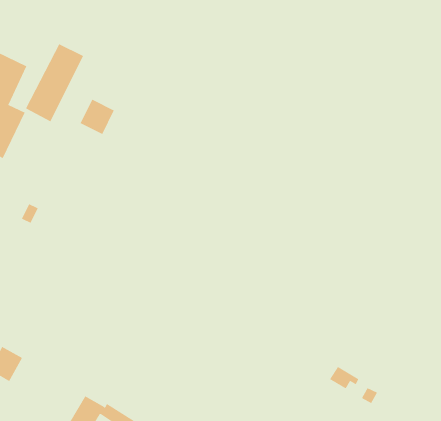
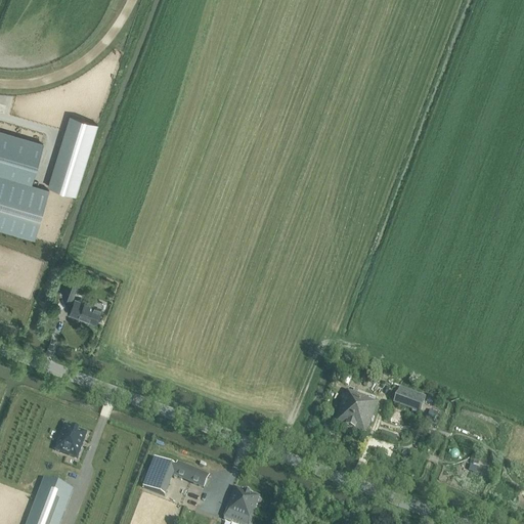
building: [80,99,115,135] -> none
building: none -> [69,299,102,323]
building: none -> [335,388,377,433]

